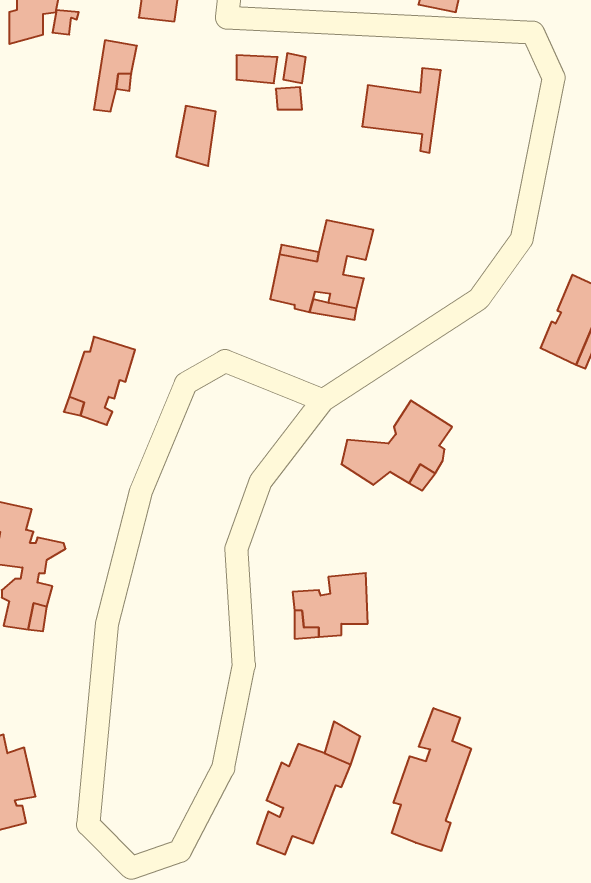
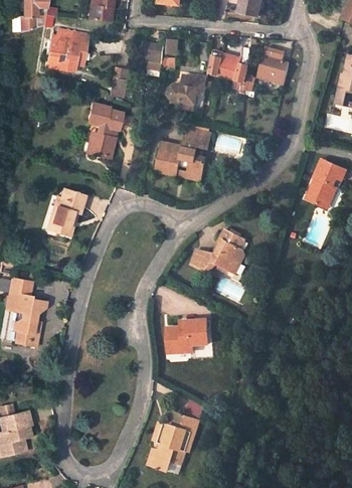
building: none -> [45,29,69,68]
building: none -> [255,48,288,85]
building: none -> [167,74,205,103]
building: none -> [91,105,131,161]
building: [392,708,471,851] -> none

